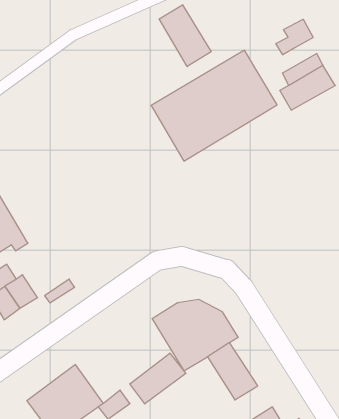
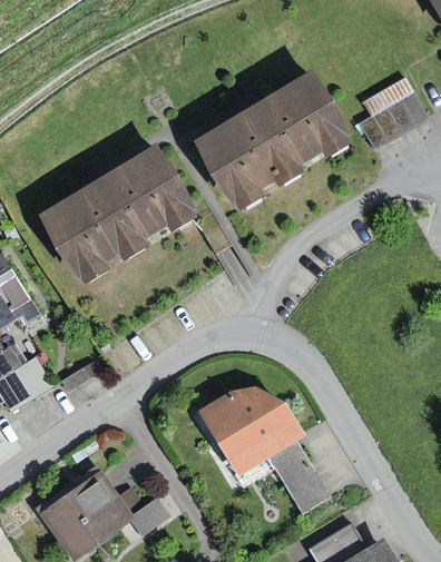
building: [159,5,211,67] -> none
building: [276,19,313,55] -> none
building: none -> [39,142,199,284]
building: [130,353,186,404] -> none

